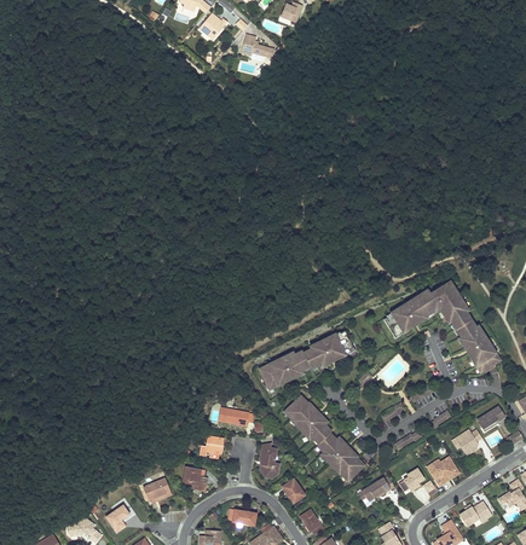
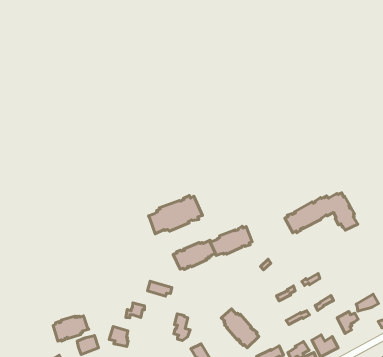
building: none -> [149,195,202,234]
building: [458,321,499,372] -> none
building: [282,399,329,445] -> none
building: none -> [53,316,89,341]

